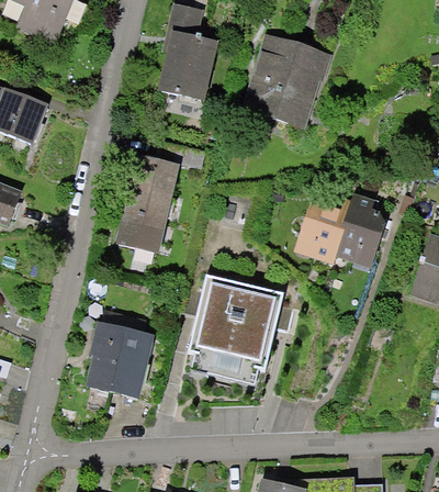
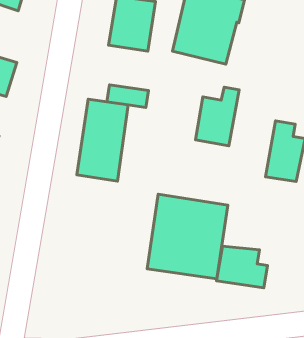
building: [296,191,352,261] -> [195,87,239,146]
building: [85,325,155,399] -> none
building: none -> [217,246,267,288]

